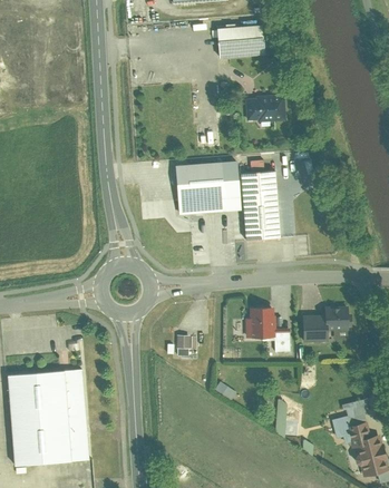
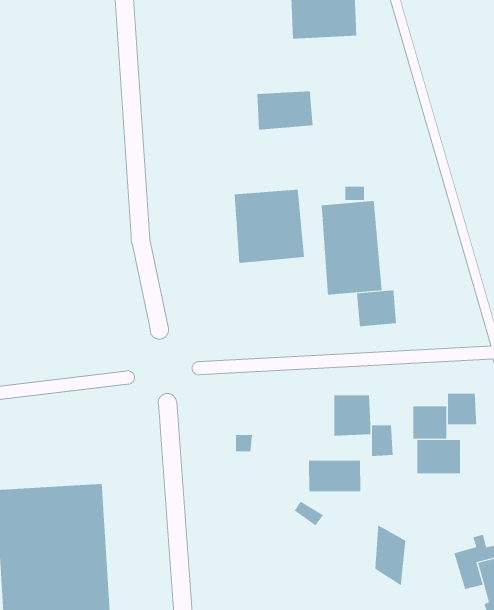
building: [249,95,289,123] -> [257,91,314,130]
building: none -> [357,290,397,327]
building: none -> [417,439,460,474]
building: none -> [308,460,361,492]

